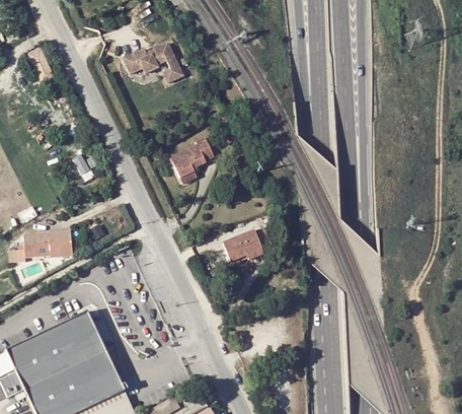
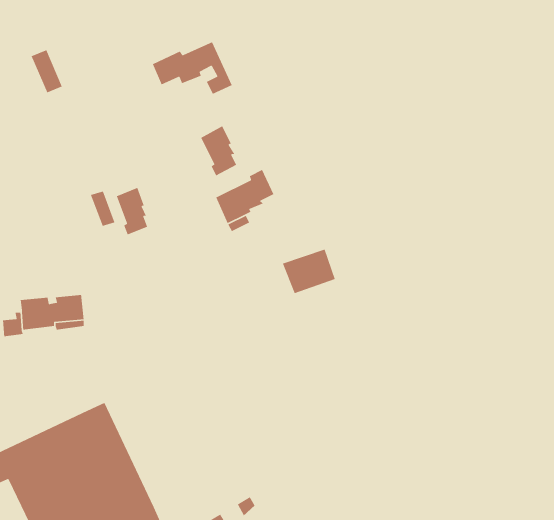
building: none -> [200,125,237,177]
building: none -> [116,187,148,236]
building: [227,227,267,262] -> [282,248,336,294]

